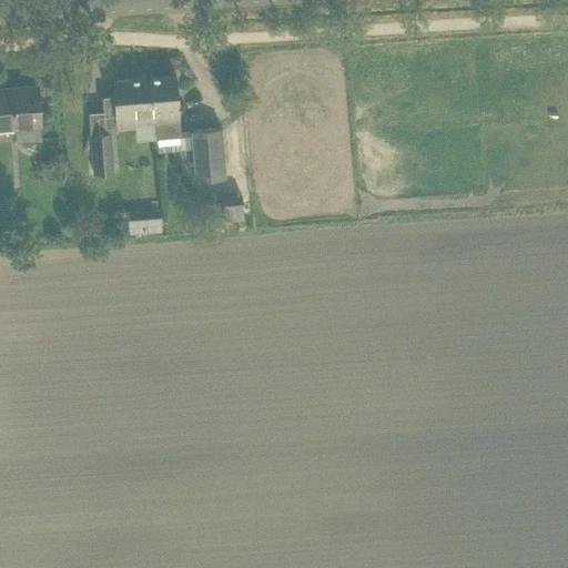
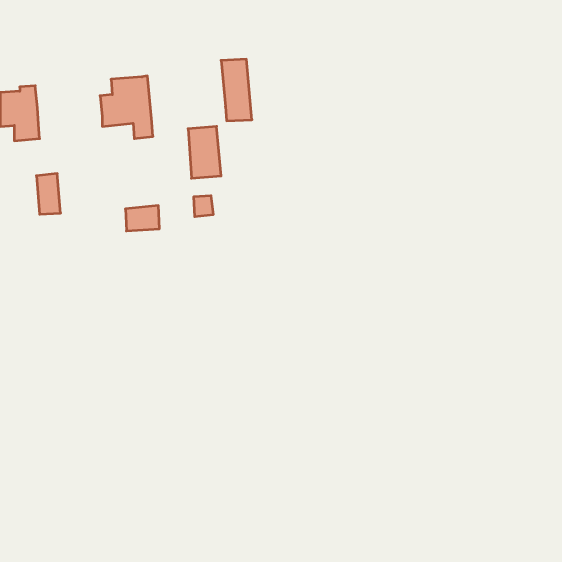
building: [149,75,180,138] -> [221,59,252,121]
building: [89,132,113,173] -> [36,174,61,214]

